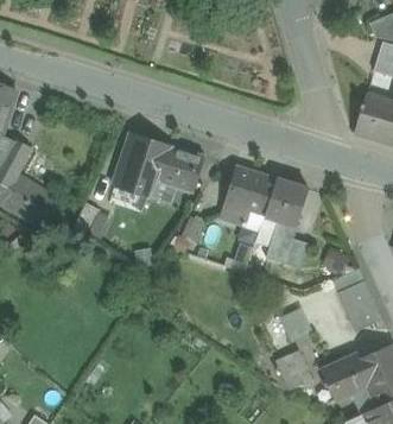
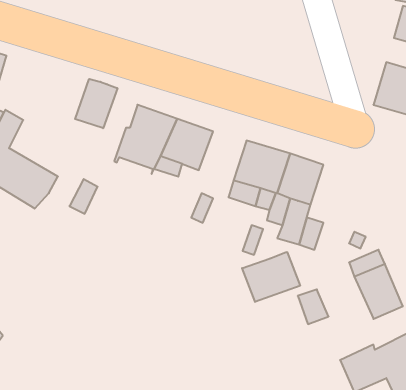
building: none -> [75,79,117,128]
building: none -> [242,252,300,302]
building: [275,350,311,390] -> none

